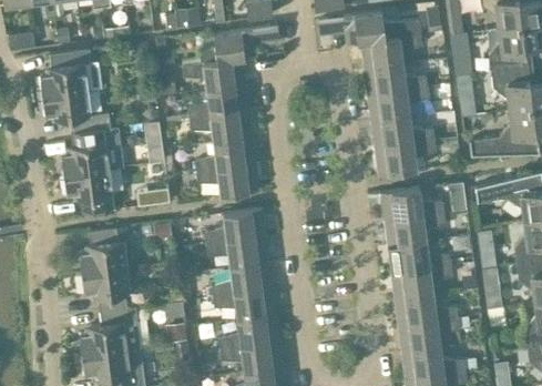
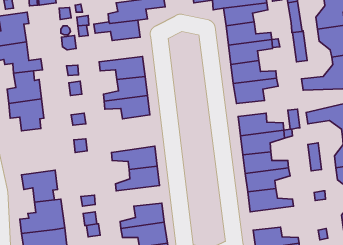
building: [187,82,248,116] -> none
building: [204,207,265,242] -> none
building: [79,227,127,273] -> none
building: [212,287,275,316] -> none
building: [397,316,459,349] -> none

